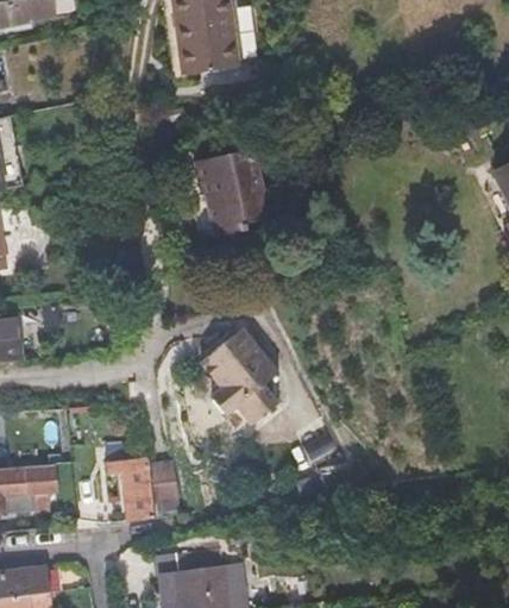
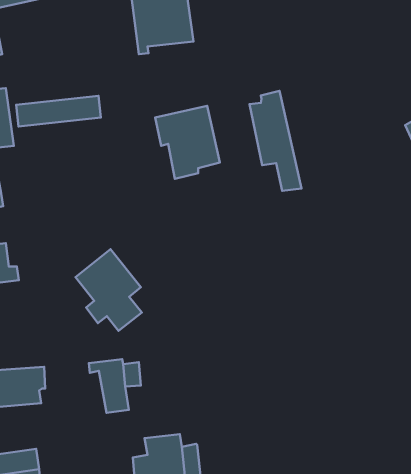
building: none -> [249,91,302,191]
building: none -> [16,96,101,127]
building: [202,327,283,427] -> [76,249,142,331]

